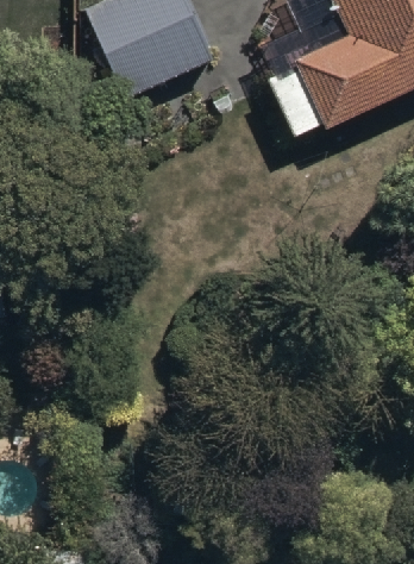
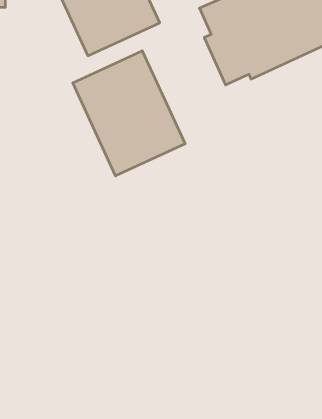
building: none -> [73,51,185,176]

